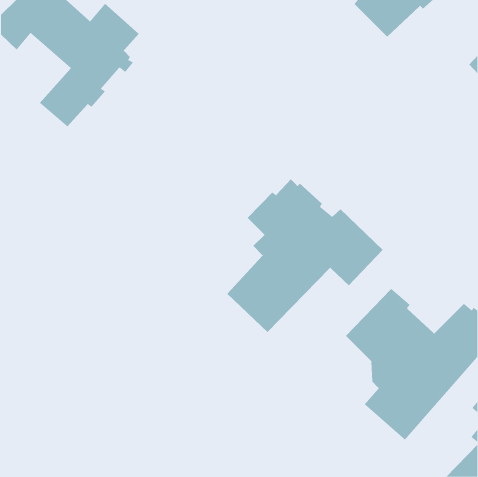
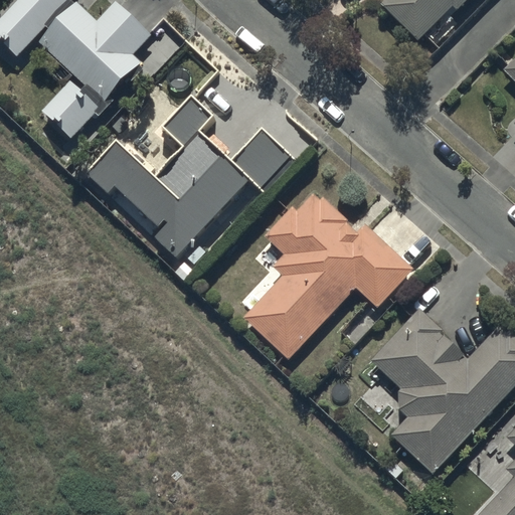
building: none -> [87,96,291,256]

